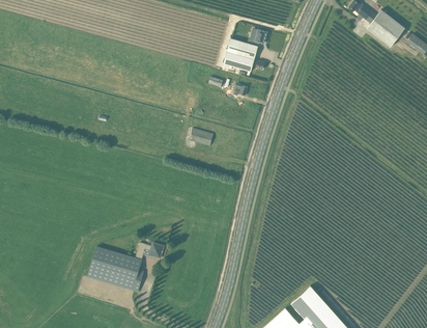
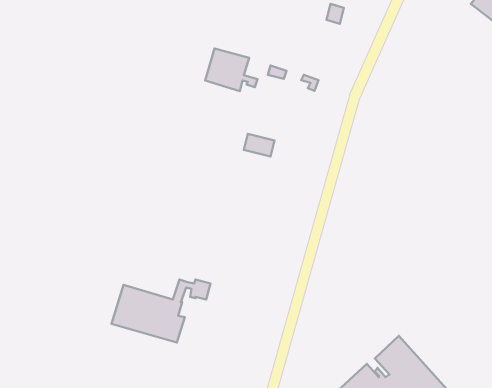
building: [224,38,264,72] -> [205,48,257,91]

